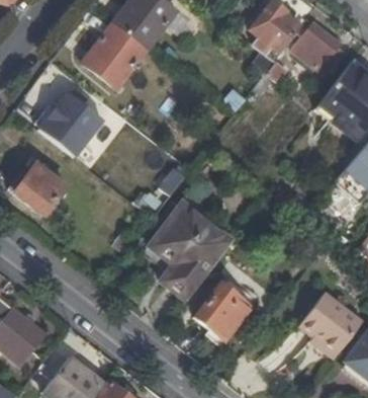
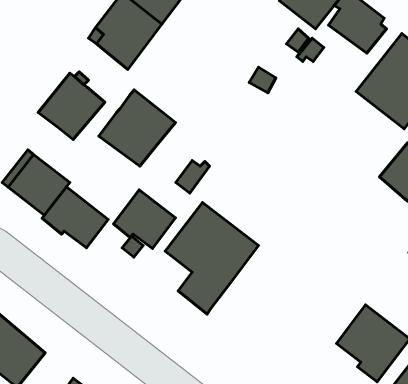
building: none -> [99,90,176,166]
building: none -> [42,187,108,248]
building: none -> [114,190,175,248]
building: [189,273,250,340] -> none

